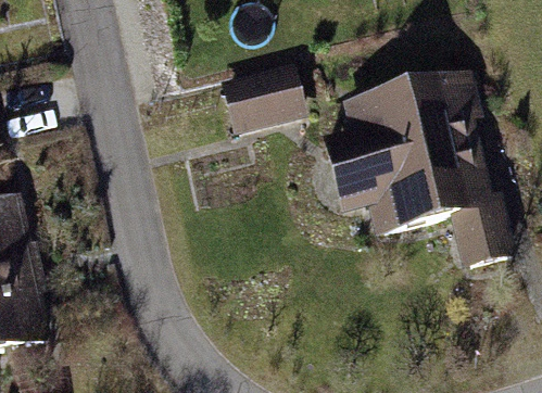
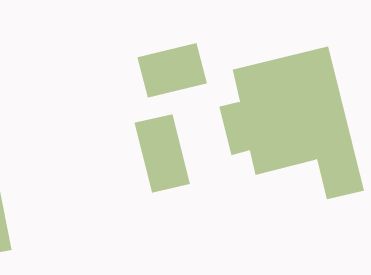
building: none -> [134,113,191,193]

